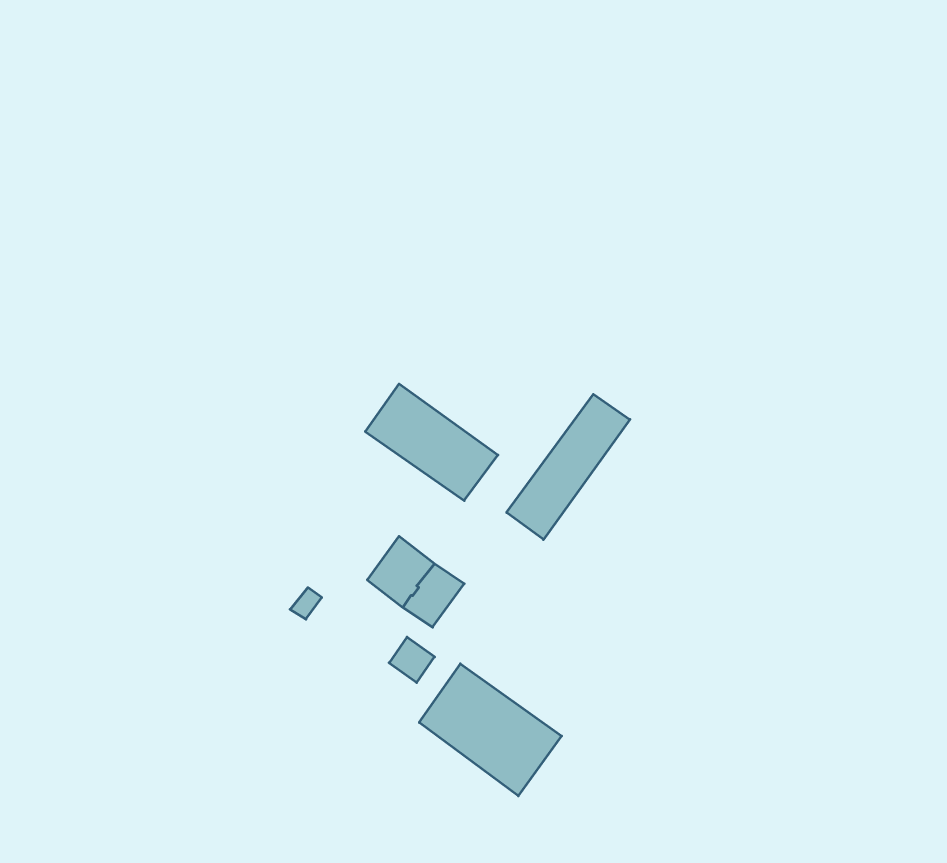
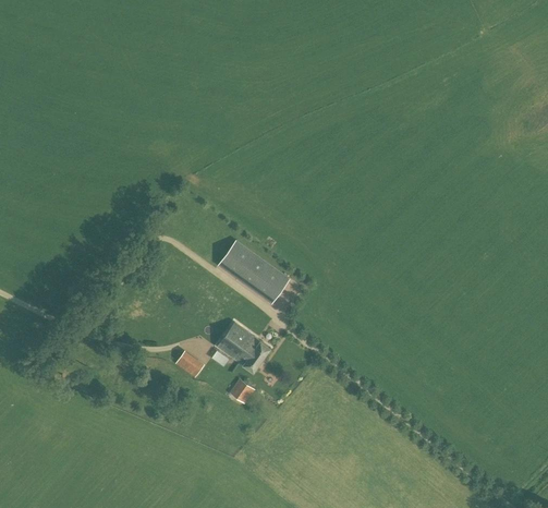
building: [507,394,630,540] -> none
building: [419,664,562,796] -> none

